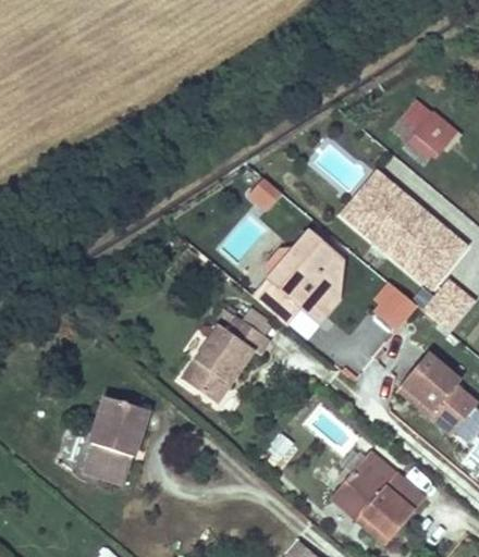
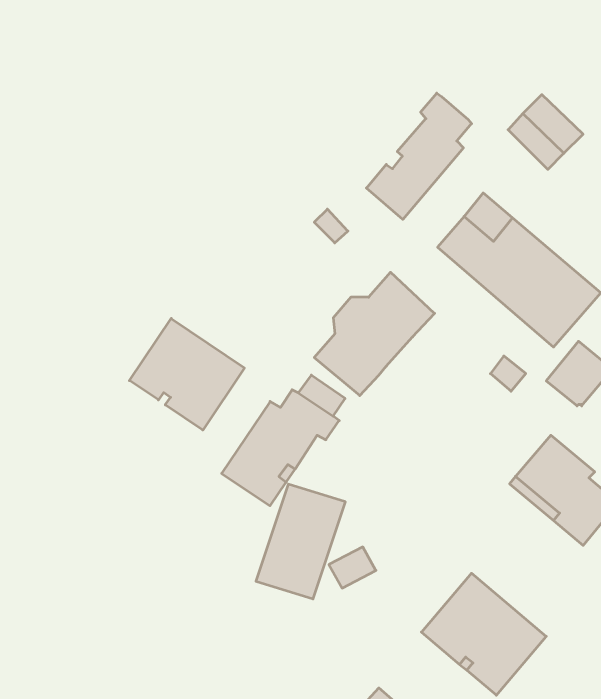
building: none -> [366,93,472,219]
building: [300,260,343,321] -> none
building: none -> [129,318,244,430]
building: [84,396,150,481] -> [256,484,345,599]

